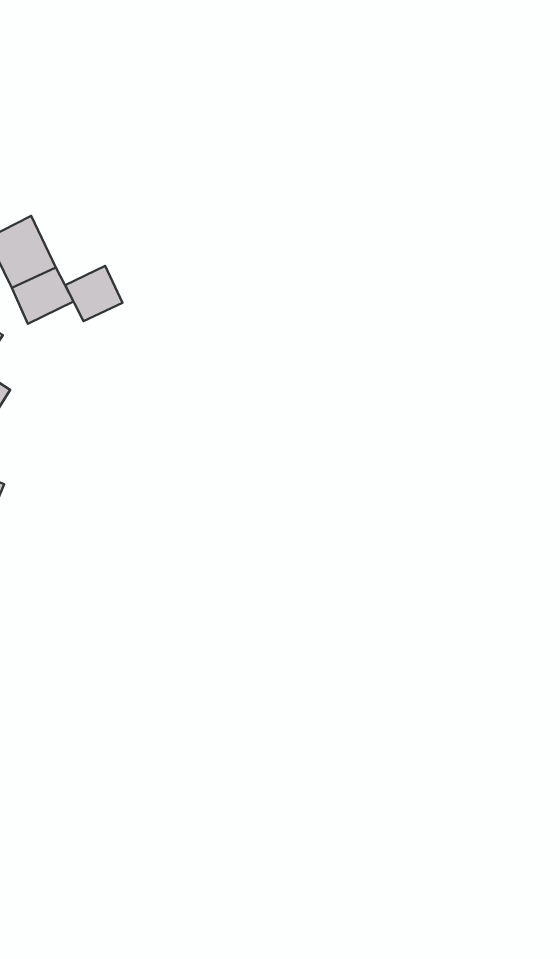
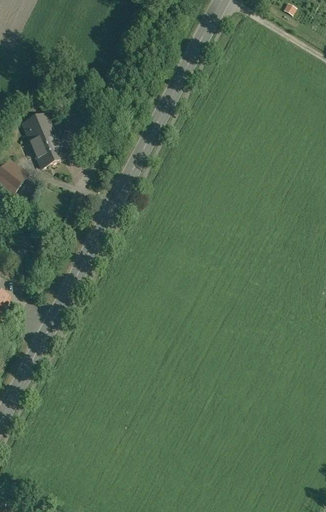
building: [65,266,122,321] -> none

